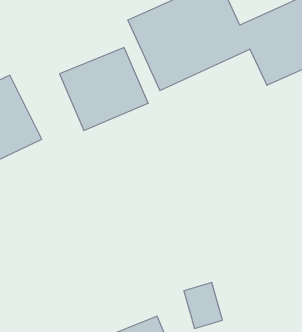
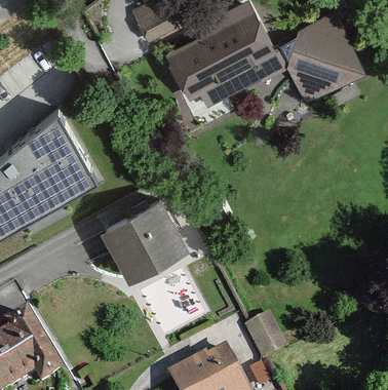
building: [60,47,148,131] -> [101,195,191,281]

